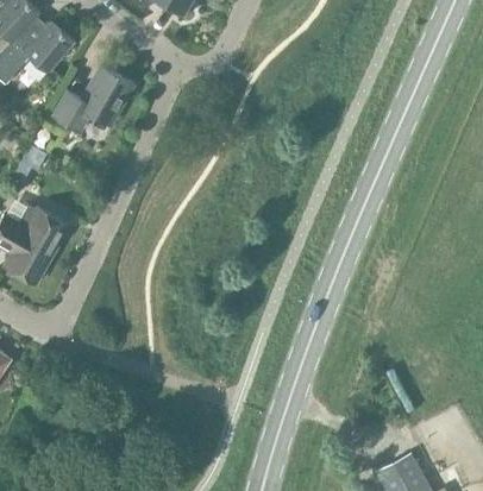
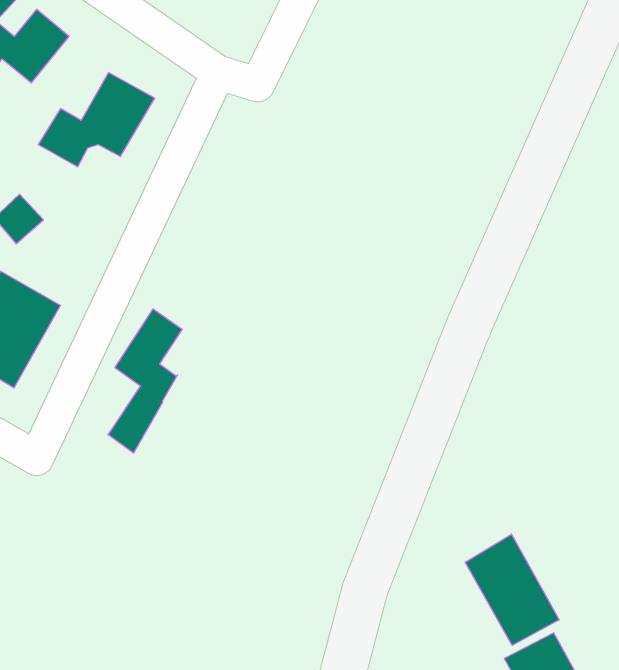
building: none -> [108,309,182,453]
building: none -> [465,534,559,645]

